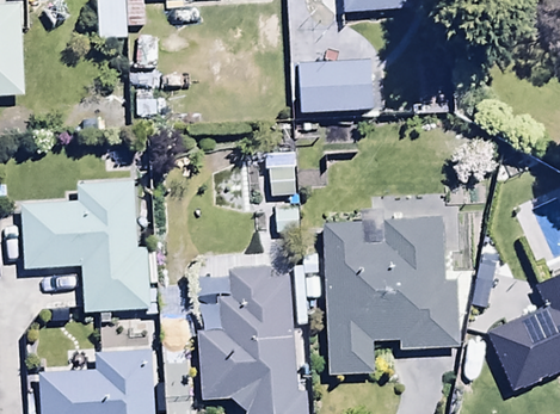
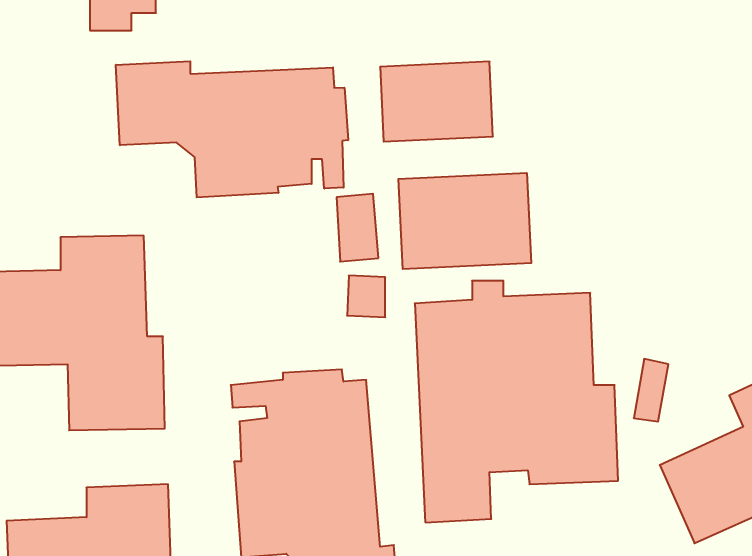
building: none -> [116,61,348,197]
building: none -> [398,173,531,269]

